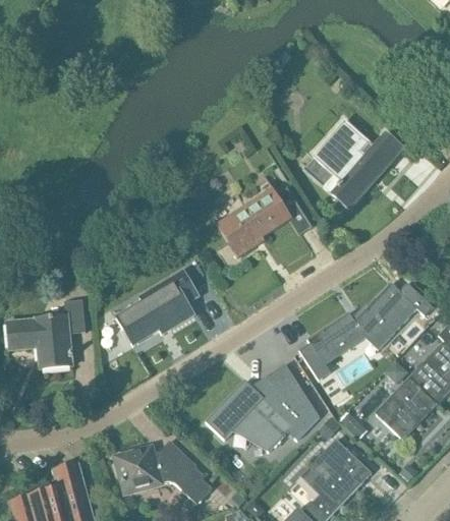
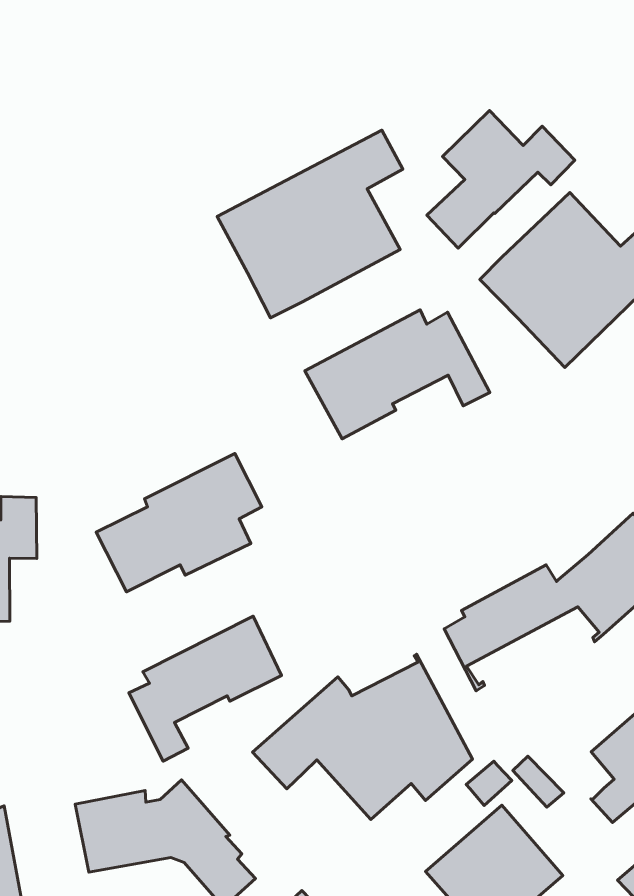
building: none -> [427,111,575,248]
building: none -> [217,130,403,318]
building: none -> [129,616,282,761]

